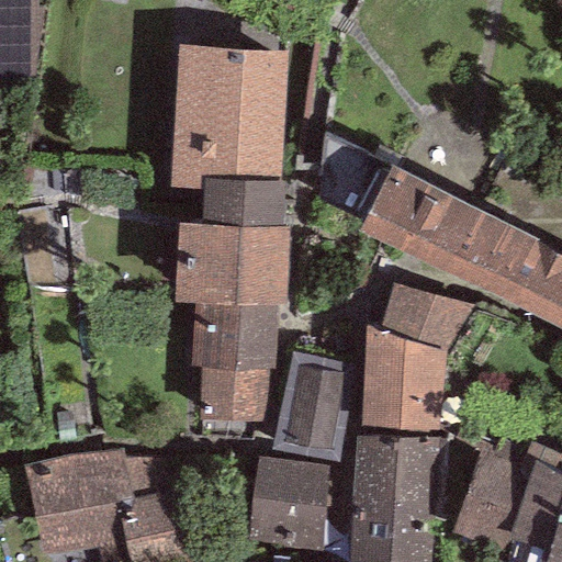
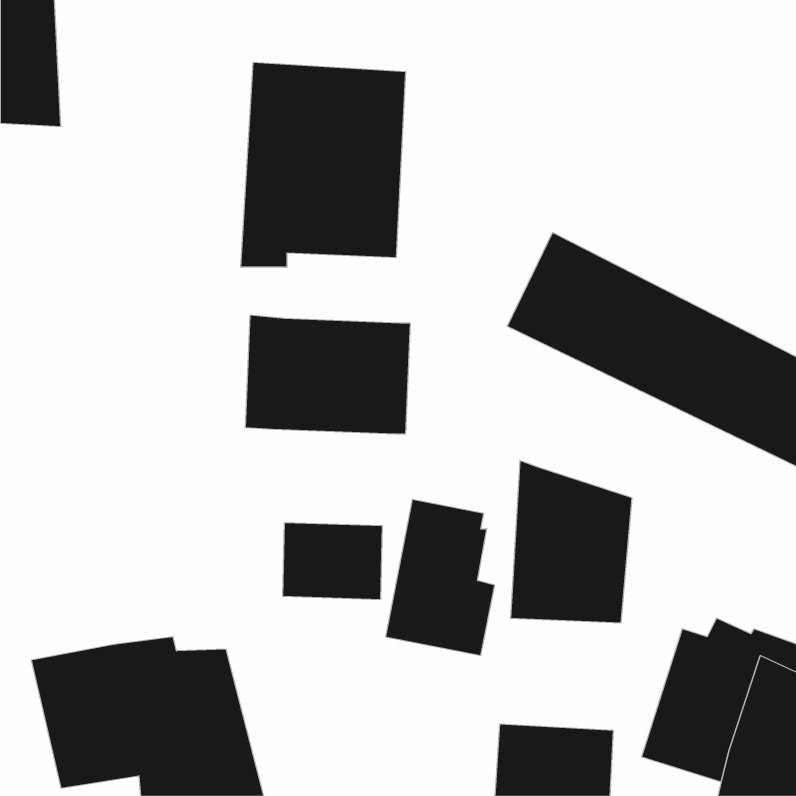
building: [201,178,285,227] -> none
building: [379,282,472,350] -> none
building: [191,302,279,371] -> none
building: [352,435,448,514] -> none
building: [247,456,329,550] -> none

